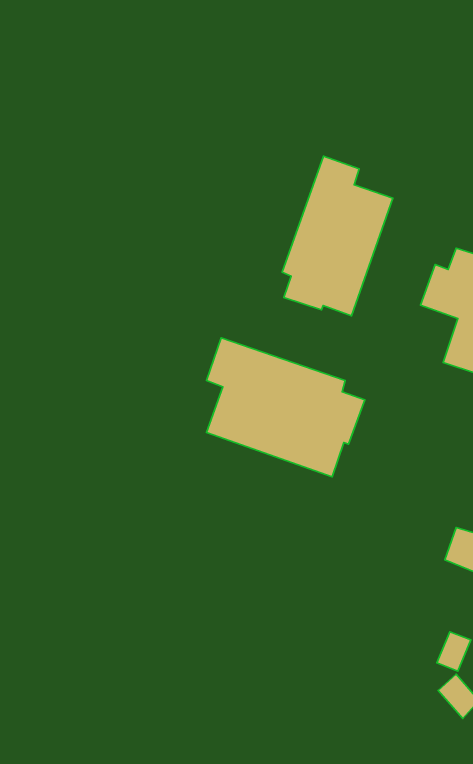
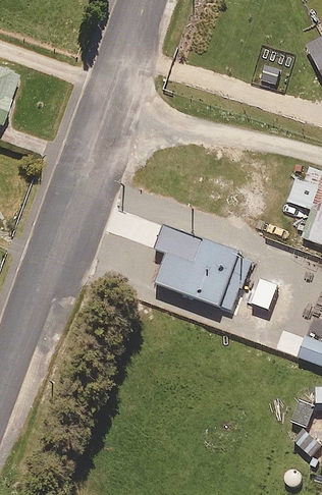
building: [282,156,393,316] -> none

